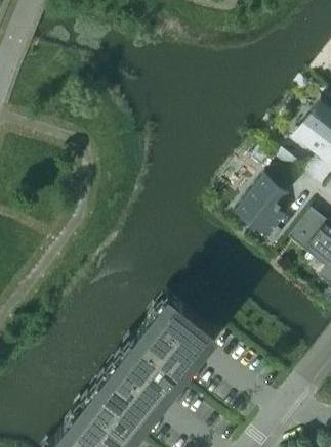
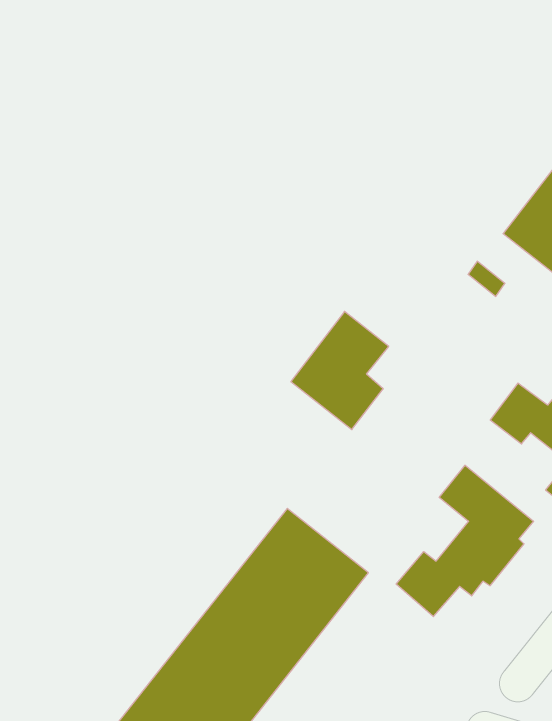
building: [235,172,289,237] -> [291,311,389,430]
building: none -> [396,465,534,617]

